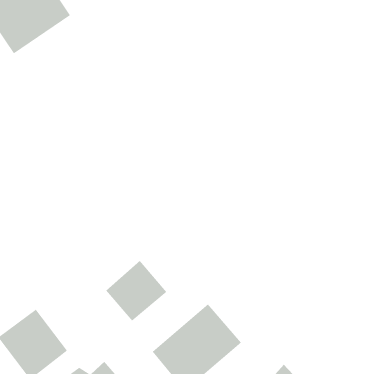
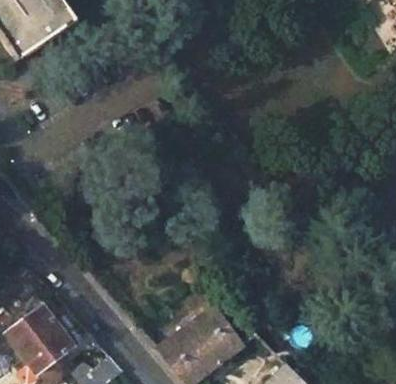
building: [105,260,167,321] -> none

